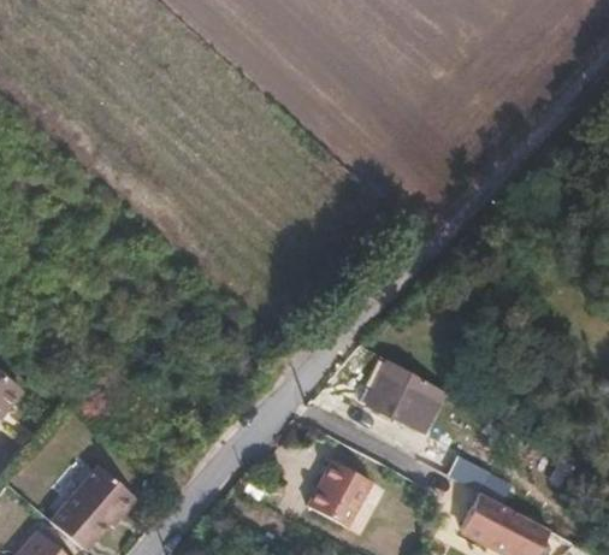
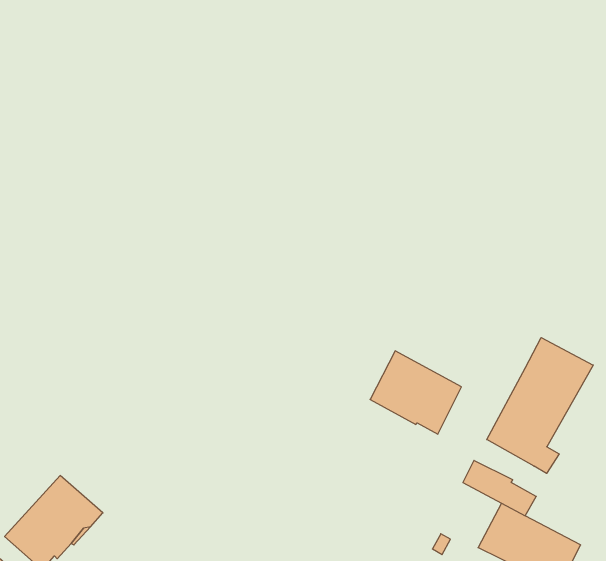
building: none -> [487,338,593,473]
building: [307,460,372,526] -> none

